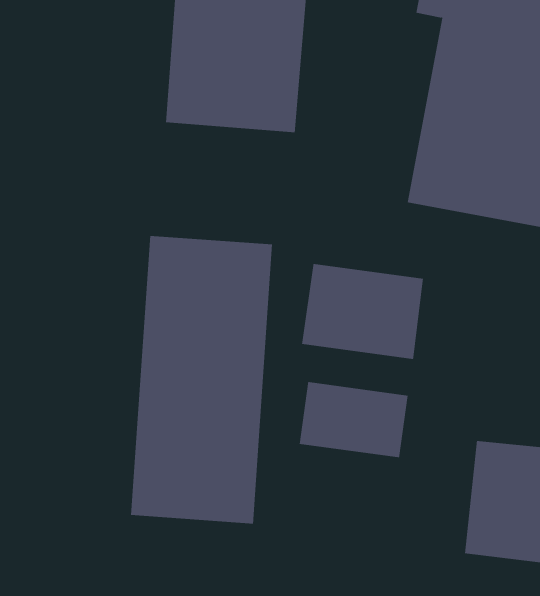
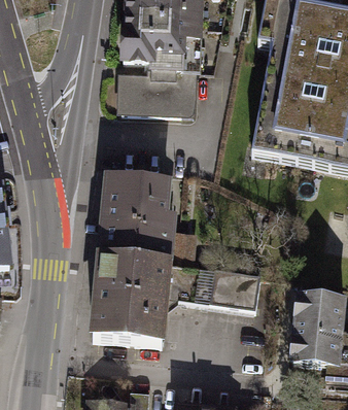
building: [302,263,424,360] -> none

